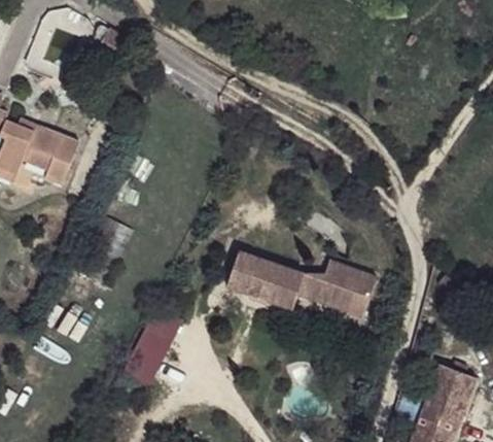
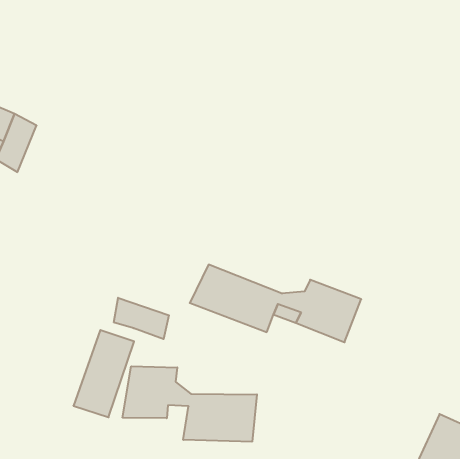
building: none -> [114,298,169,339]
building: none -> [123,366,257,442]

